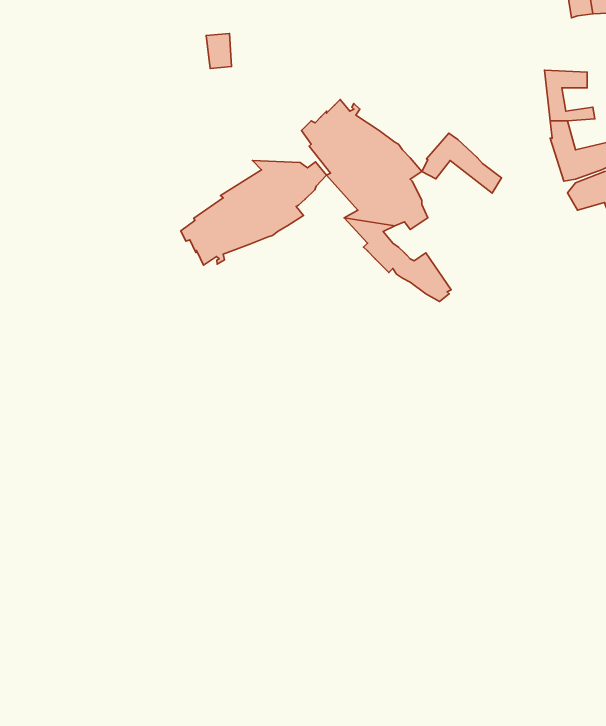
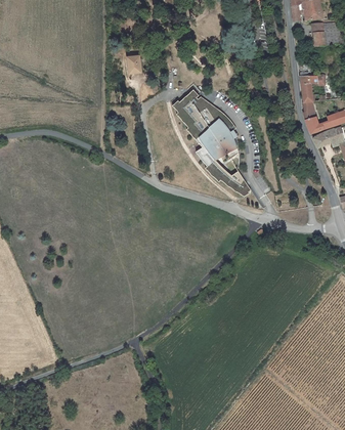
building: [422,133,501,193] -> none
building: [181,161,327,265] -> none

